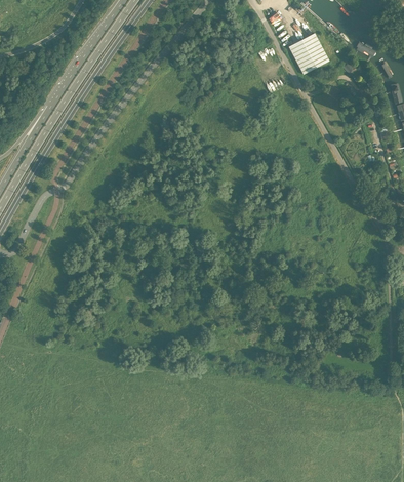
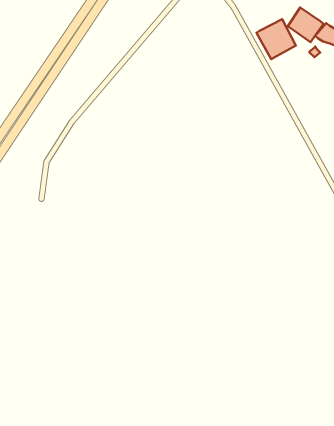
building: none -> [288,7,324,42]

